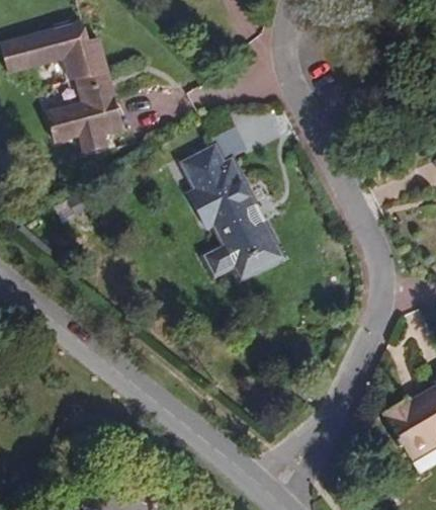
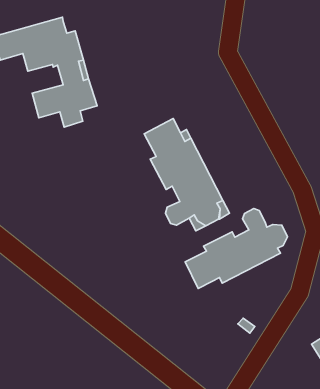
building: none -> [185,209,288,288]

